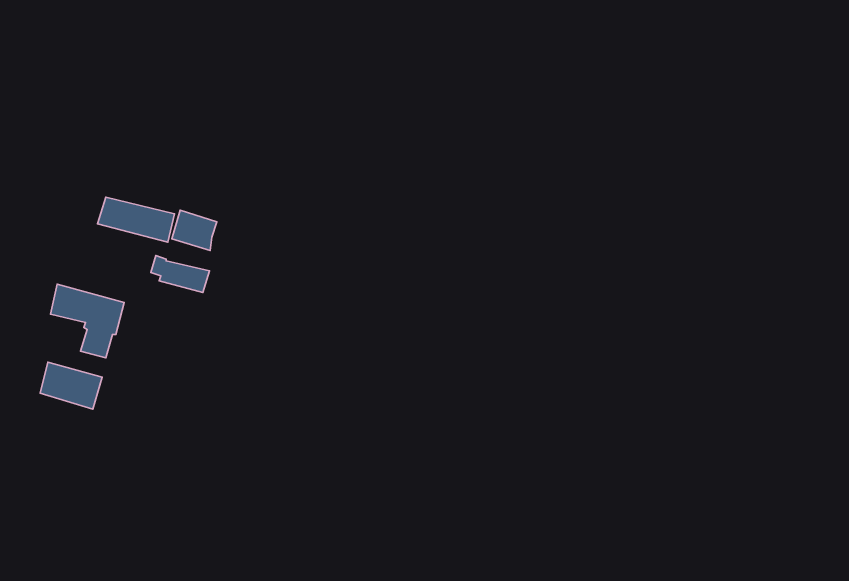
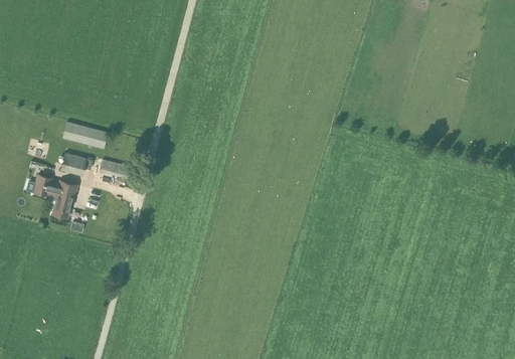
building: [172,210,217,250] -> [59,151,87,175]
building: [40,362,102,409] -> none

